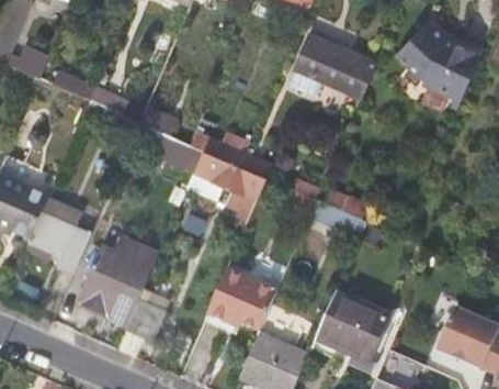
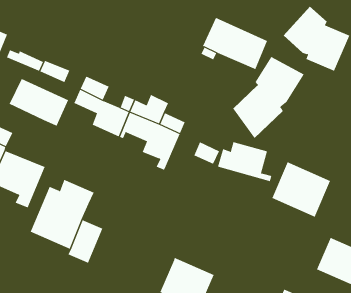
building: none -> [233,56,305,139]
building: none -> [9,78,69,127]
building: [207,268,277,331] -> none
building: [316,291,390,362] -> [271,161,331,218]

